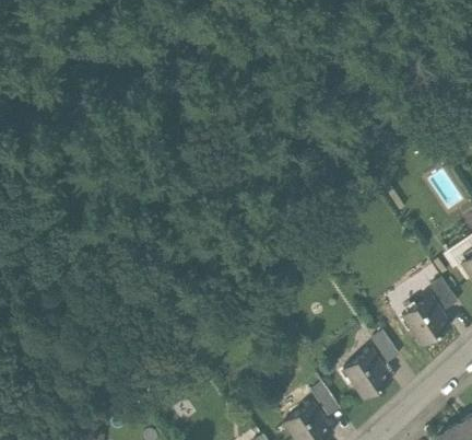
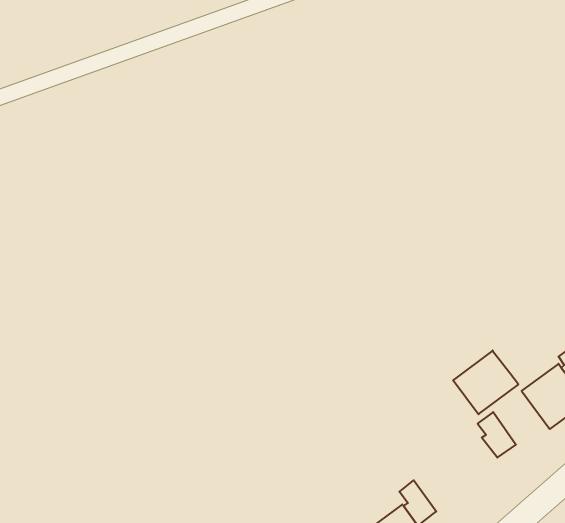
building: [341,348,391,397] -> [453,350,518,414]

